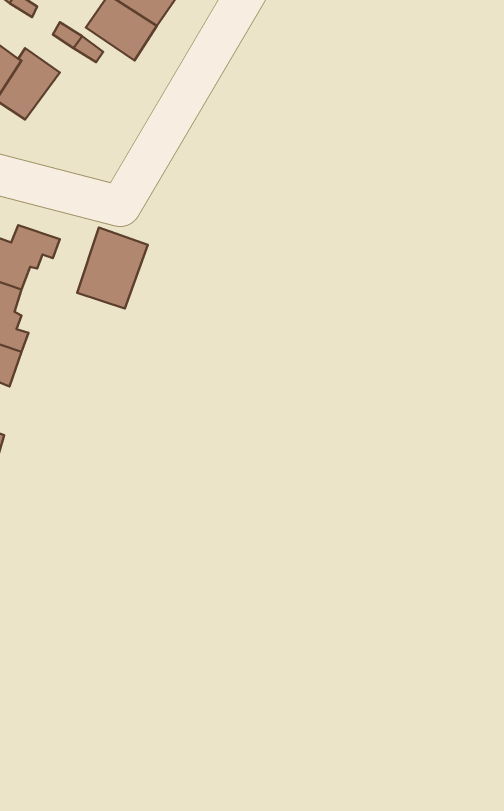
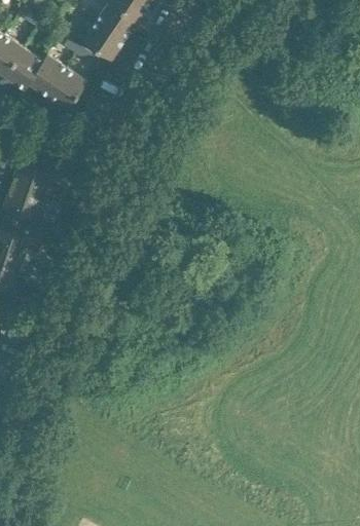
building: none -> [45,69,85,111]
building: [77,227,148,308] -> none

